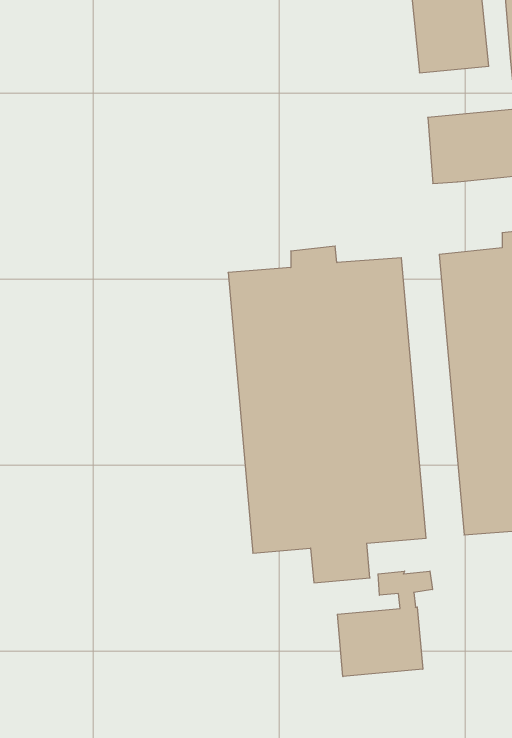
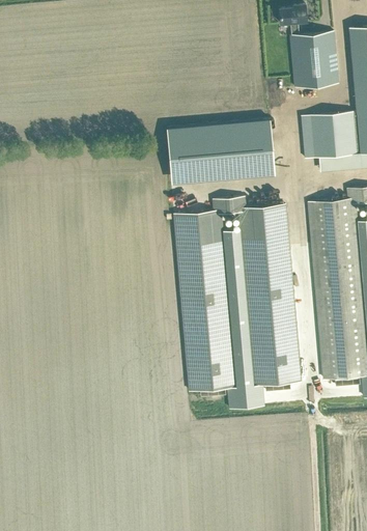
building: none -> [167,120,275,185]
building: [337,571,432,677] -> none

